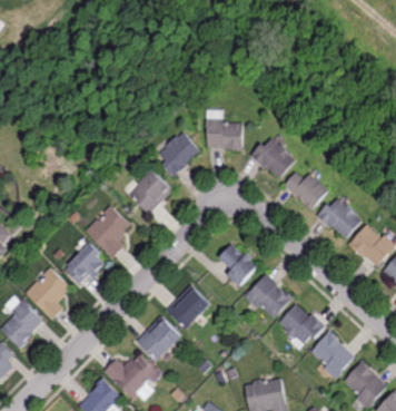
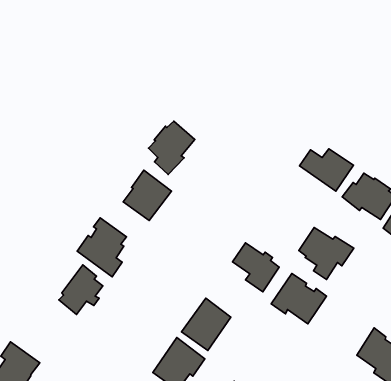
building: [205,108,244,150] -> none
building: [249,137,297,178] -> none
building: [26,266,70,319] -> none
building: [279,304,326,350] -> [299,227,354,280]

